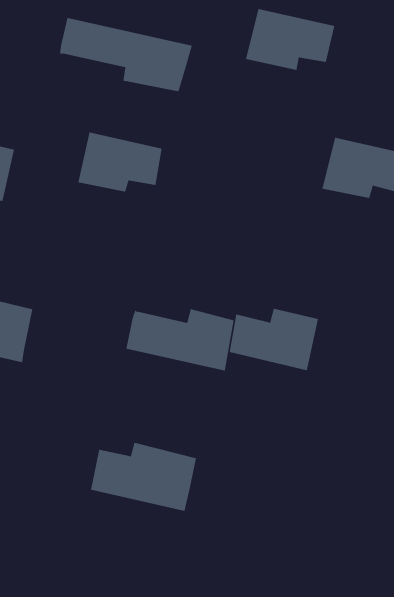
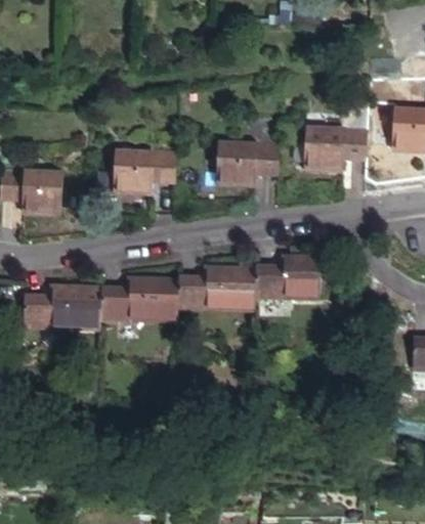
building: [245,9,335,71] -> [214,134,280,177]
building: [60,17,193,92] -> none
building: [90,442,197,511] -> [96,278,175,325]

